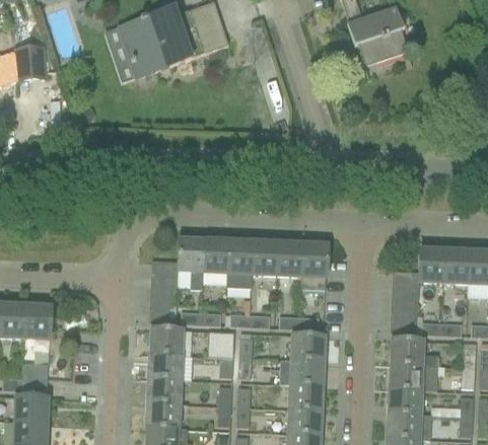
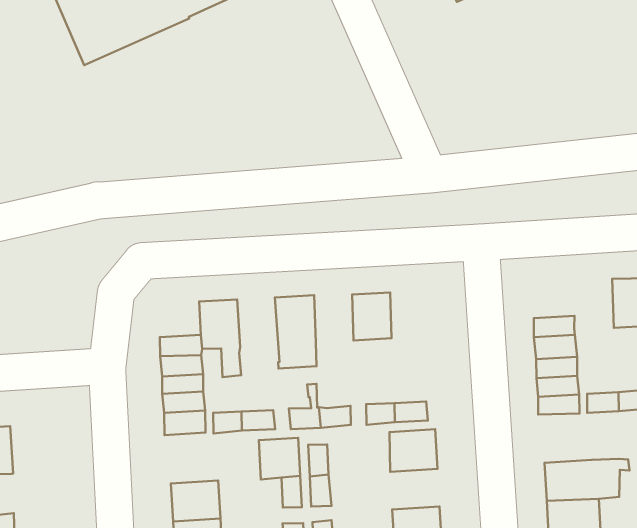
building: [202,240,228,283] -> none
building: [252,242,278,274] -> none
building: [299,245,327,290] -> none
building: [418,249,445,282] -> none
building: [150,328,182,355] -> none
building: [391,339,438,366] -> none
building: [279,359,322,385] -> none

